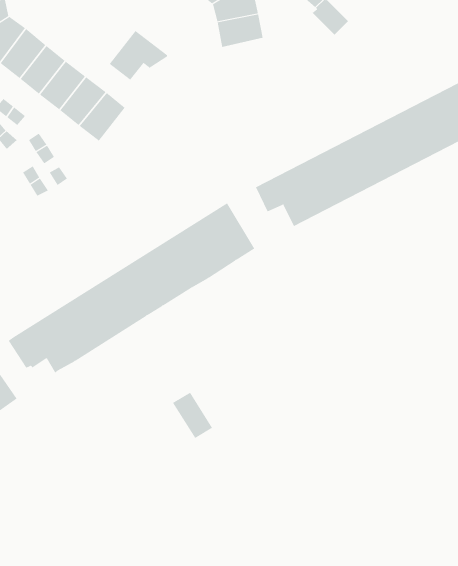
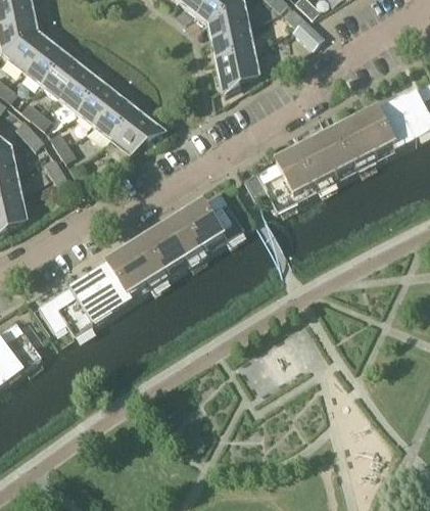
building: [109,30,168,81] -> [111,109,161,152]
building: none -> [216,50,256,93]
building: [172,392,213,439] -> none

